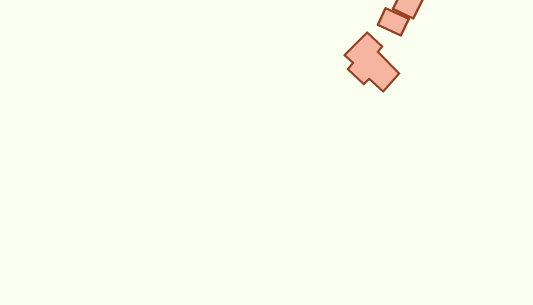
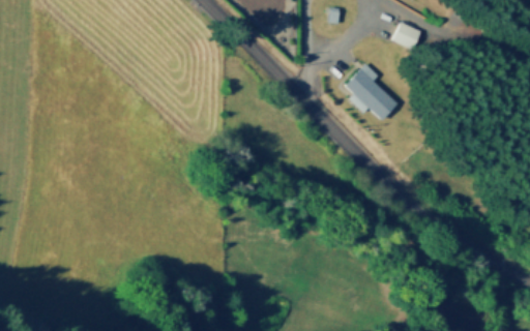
building: [378,8,409,36] -> none

